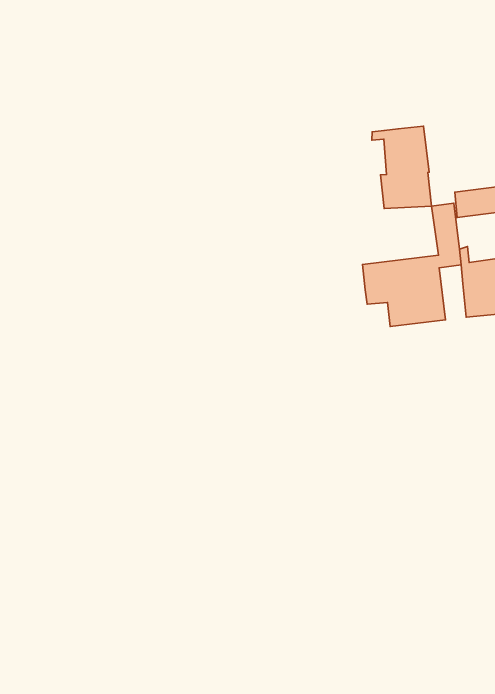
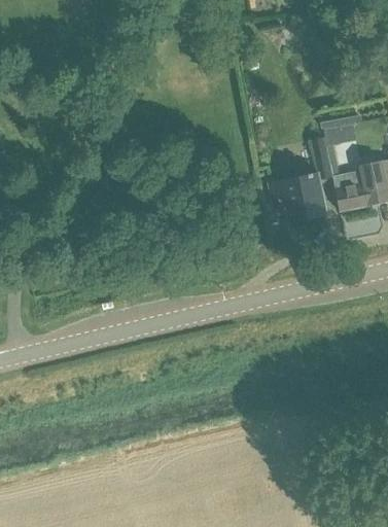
building: [372,126,432,208] -> none

